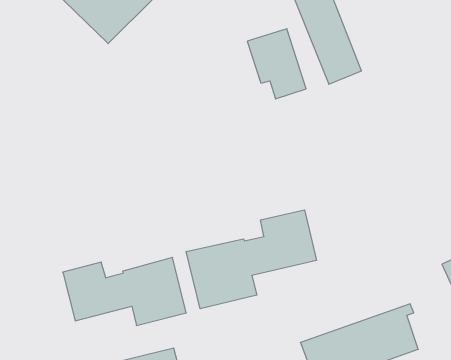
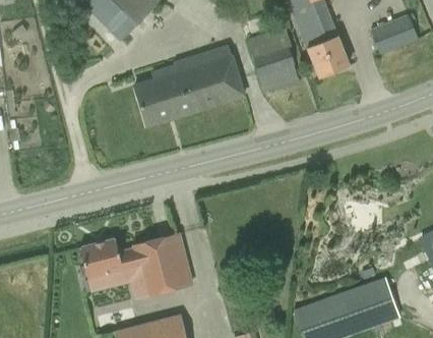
building: none -> [371,13,418,53]
building: none -> [133,44,244,126]
building: [186,210,316,309] -> none

